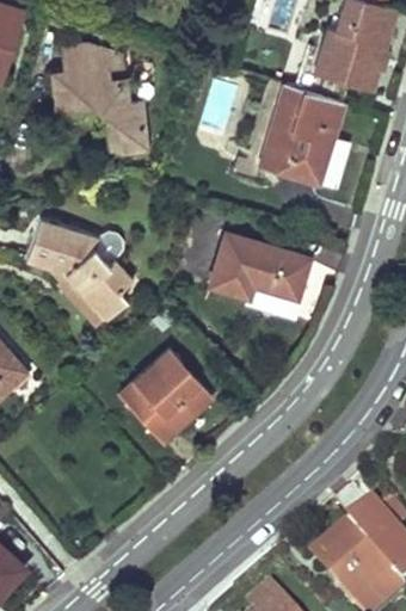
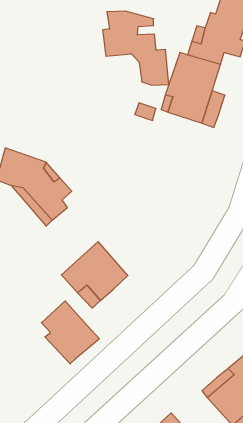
building: [50,45,143,149] -> [103,11,169,85]
building: [209,229,307,294] -> none
building: none -> [41,301,99,364]

